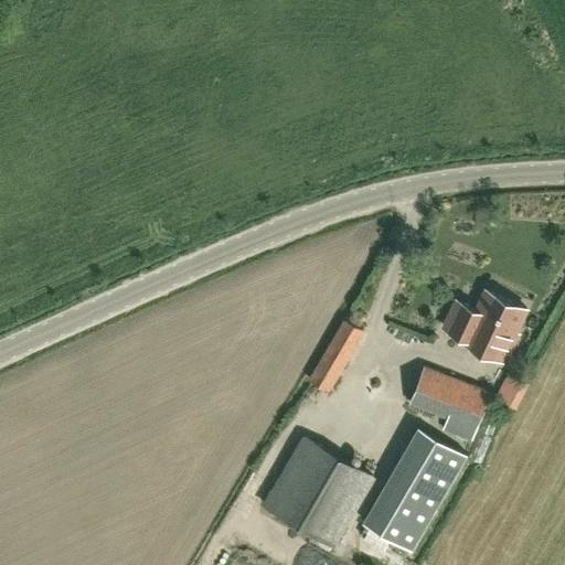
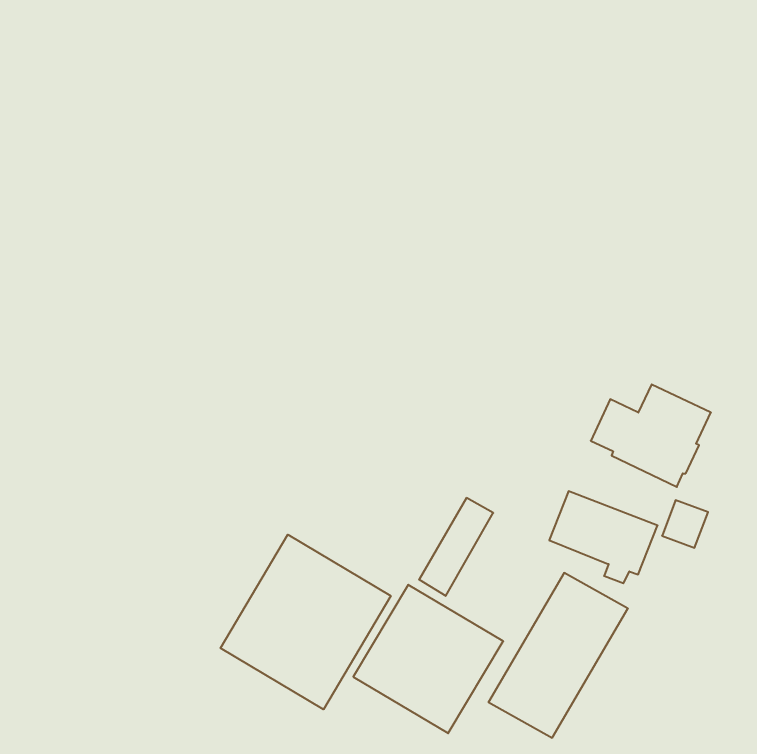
building: [308,320,363,393] -> [419,498,493,596]
building: none -> [221,535,391,709]

